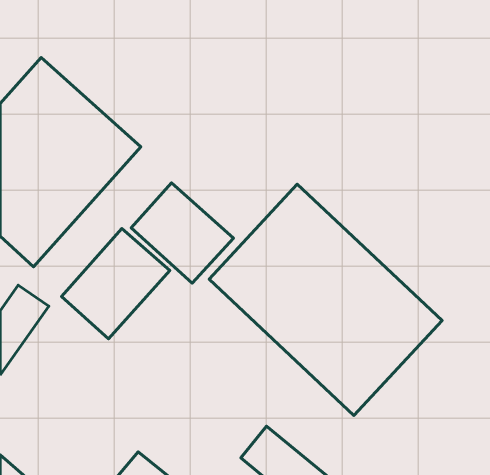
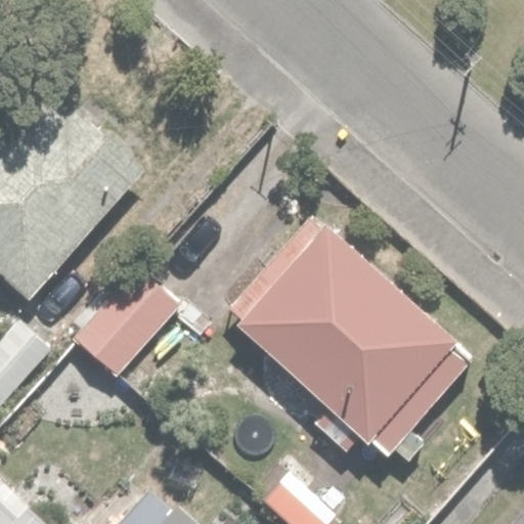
building: [131,183,233,283] -> none

